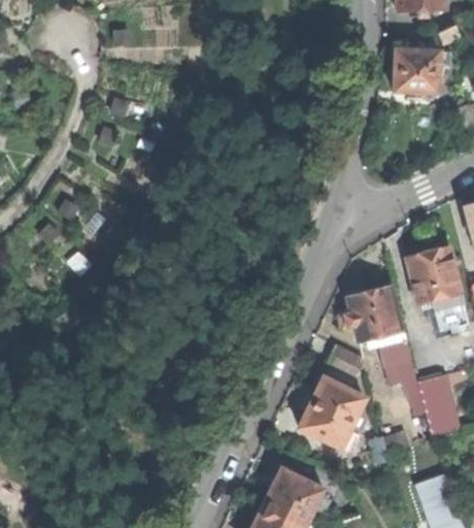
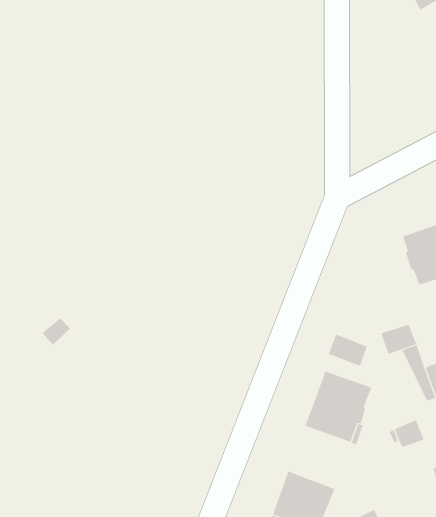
building: [393,52,449,95] -> none
building: [343,285,401,341] -> none

